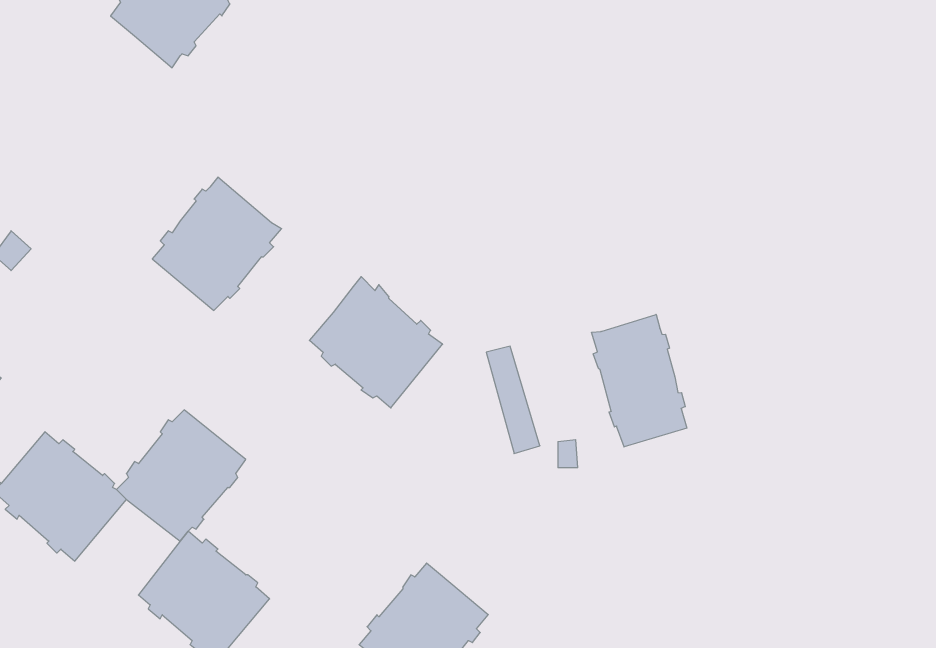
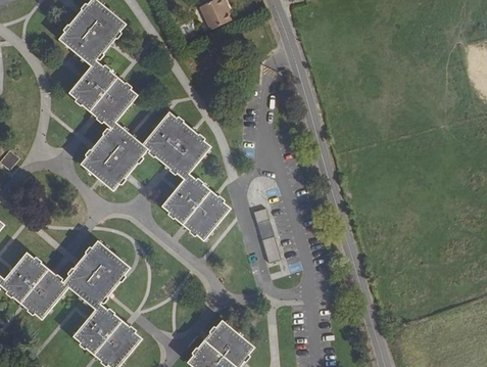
building: none -> [68,59,137,127]
building: none -> [142,112,209,178]
building: [592,314,687,447] -> none

